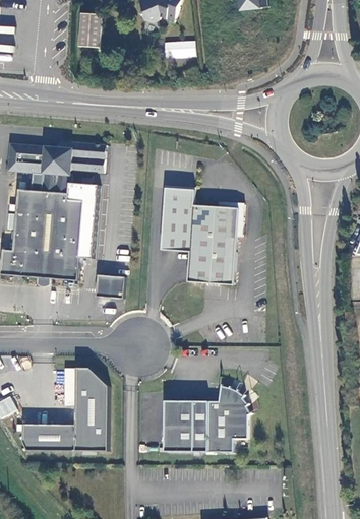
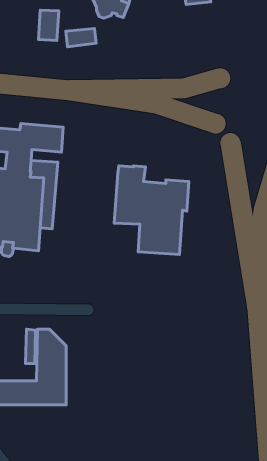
building: [161,37,194,57] -> [66,28,96,47]
building: [96,272,124,297] -> none
building: [163,384,246,450] -> none

